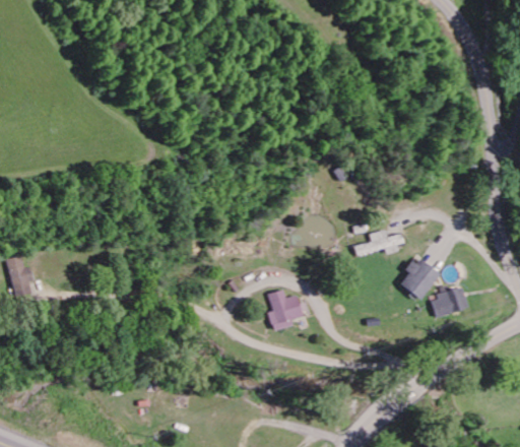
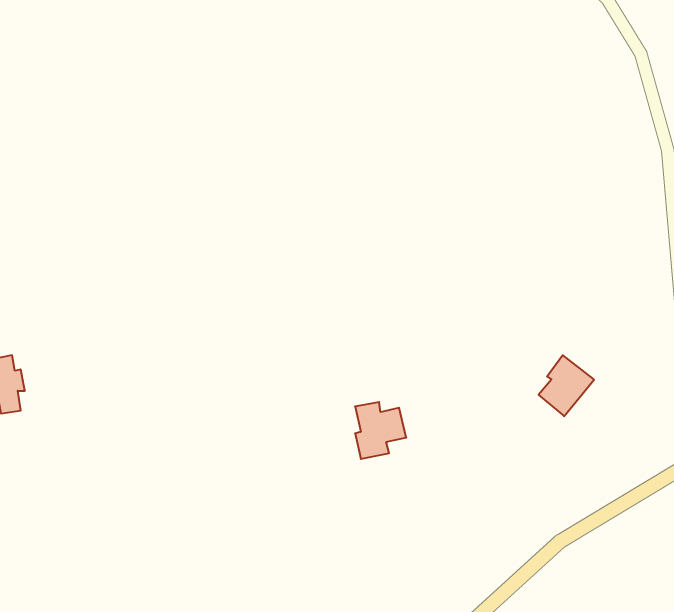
building: [355,231,406,256] -> none
building: [430,286,468,318] -> none

